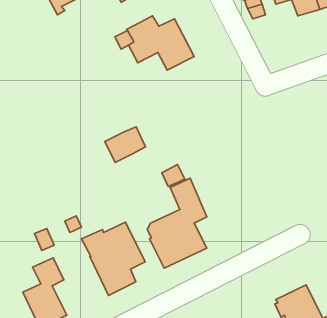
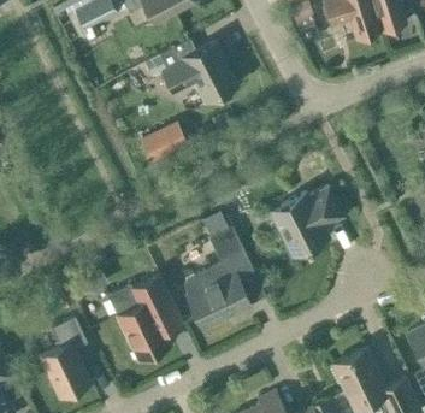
building: [105,127,145,163] -> [140,122,187,163]
building: none -> [270,187,343,259]

